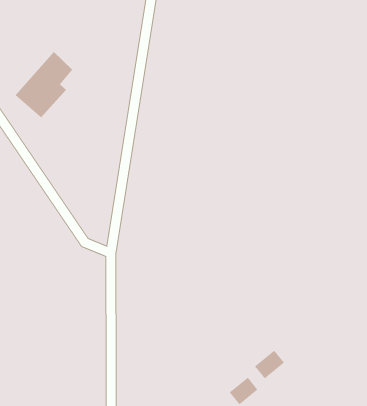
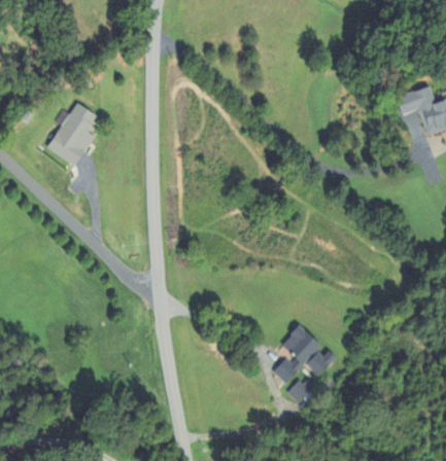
building: none -> [274,324,322,383]

